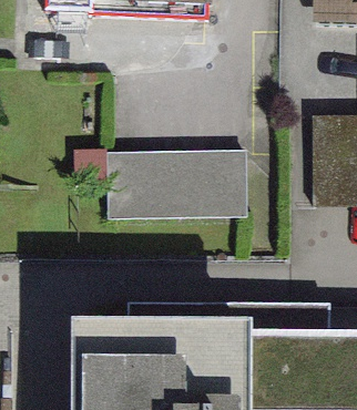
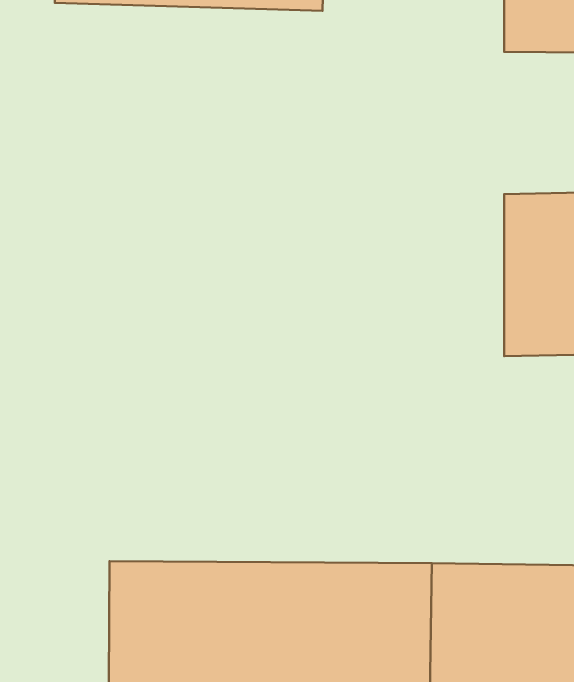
building: [106,147,248,217] -> none

